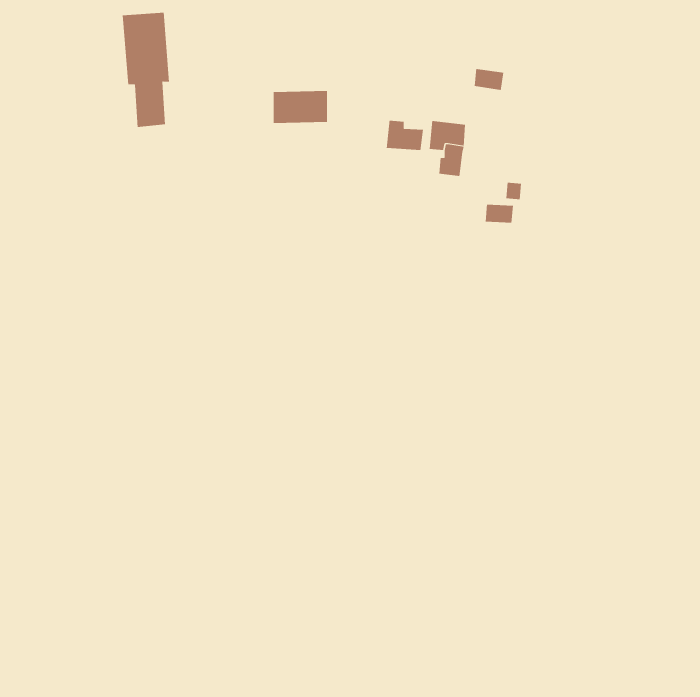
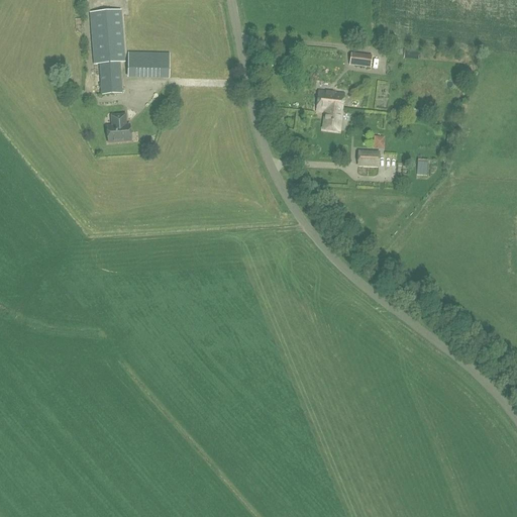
building: [273,91,328,123] -> [128,49,169,74]
building: [386,120,424,151] -> none
building: none -> [107,114,131,141]

